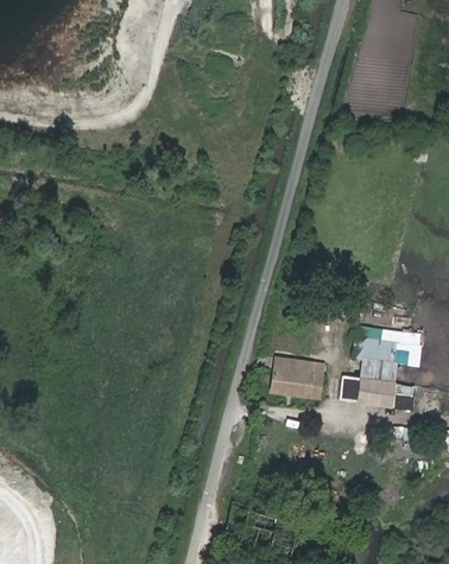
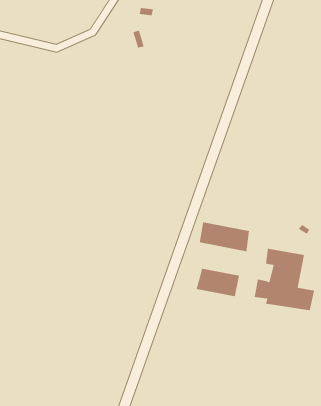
building: none -> [199,221,249,252]

